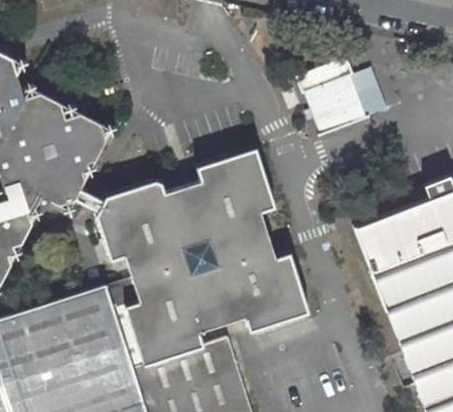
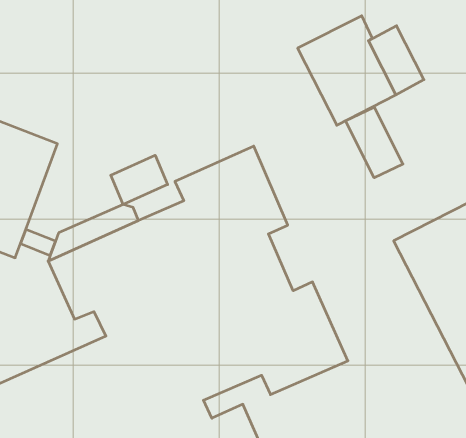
building: none -> [345,107,403,178]
building: none -> [111,155,168,204]

